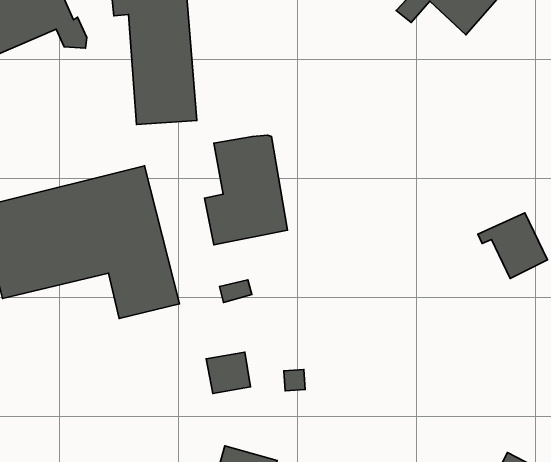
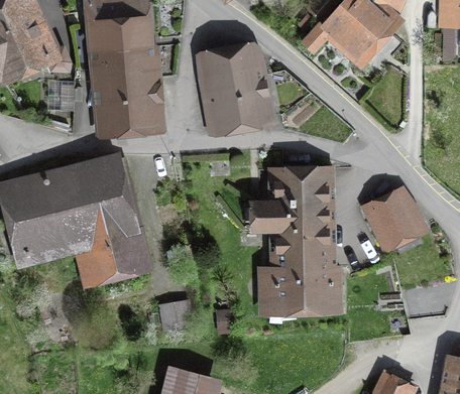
building: [204,135,287,245] -> [203,47,265,130]
building: none -> [256,169,335,307]

